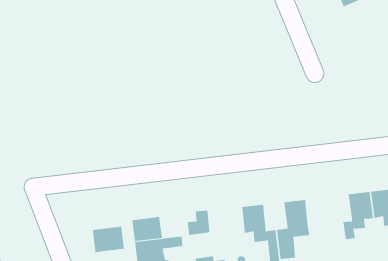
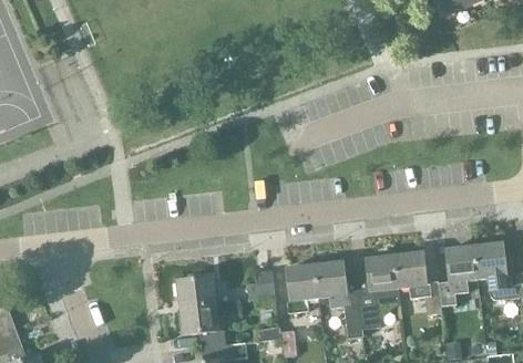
building: none -> [393,251,442,313]
building: none -> [286,263,317,312]
building: [92,226,124,253] -> none

